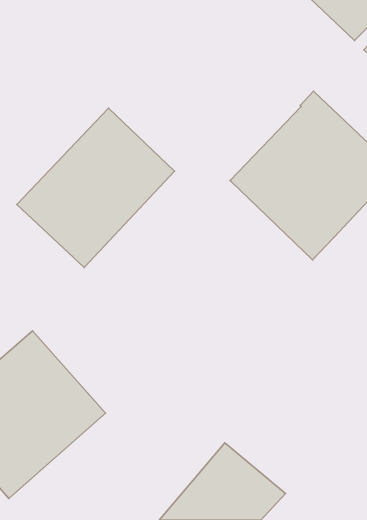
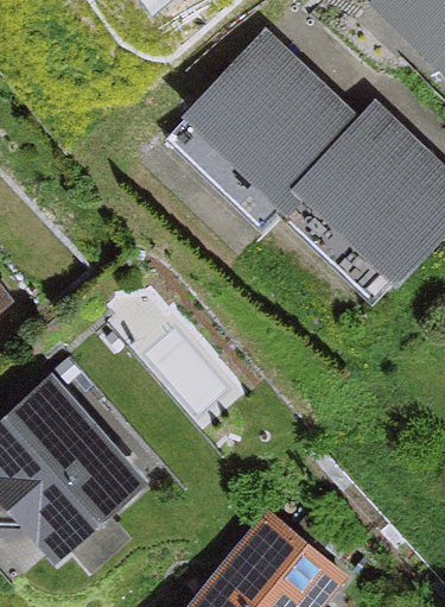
building: none -> [169,33,361,228]
building: [17,108,174,268] -> none

